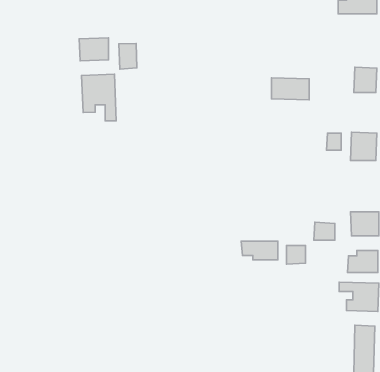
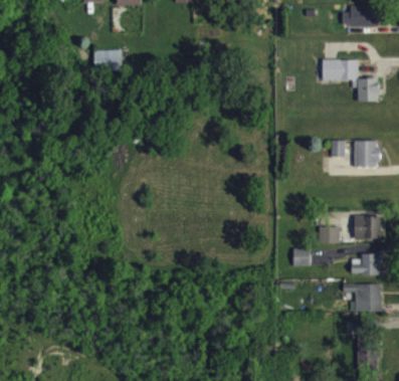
building: [119,44,137,69] -> none
building: [82,74,116,121] -> none
building: [271,78,309,100] -> [322,59,358,80]
building: [241,241,278,260] -> none

